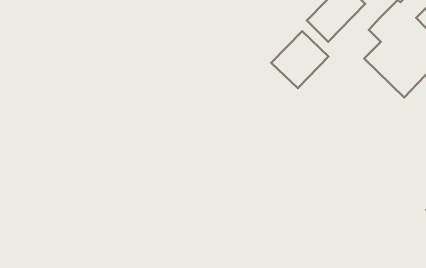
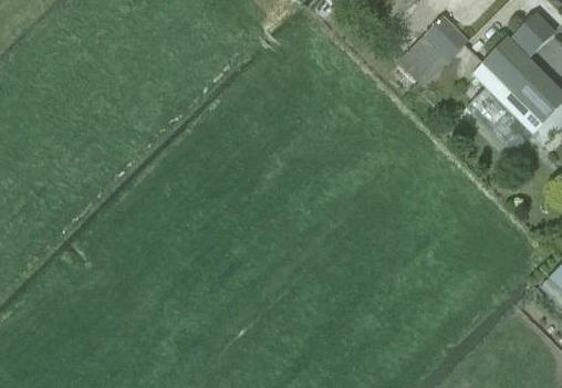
building: [271,31,329,88] -> none

